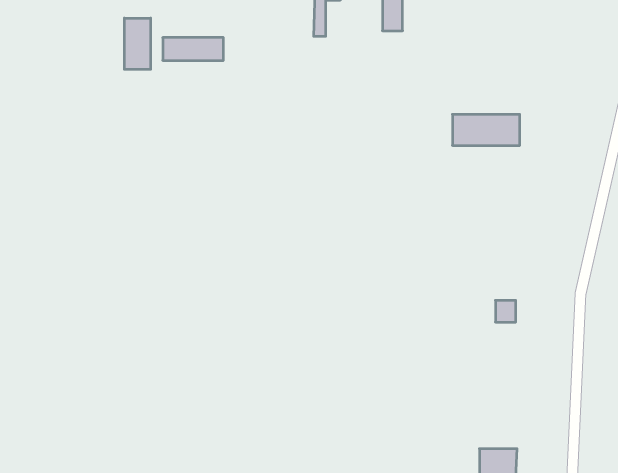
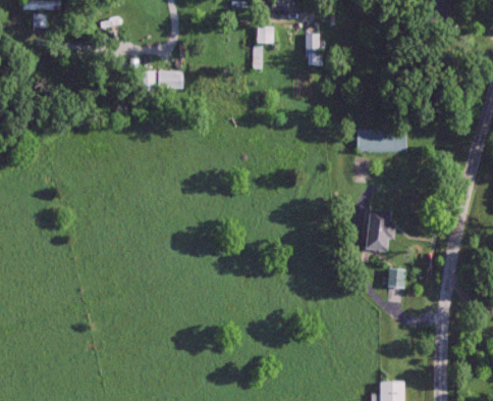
building: [124,18,151,69] -> none
building: none -> [367,209,394,250]

